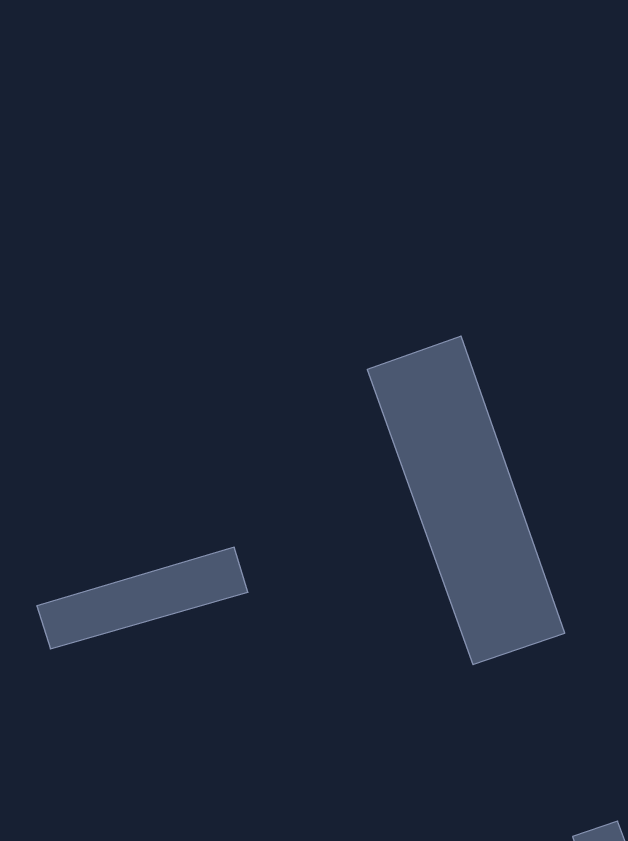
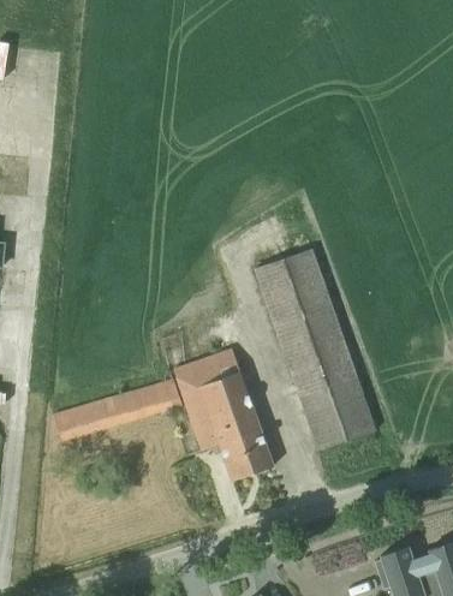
building: none -> [174,350,274,481]

